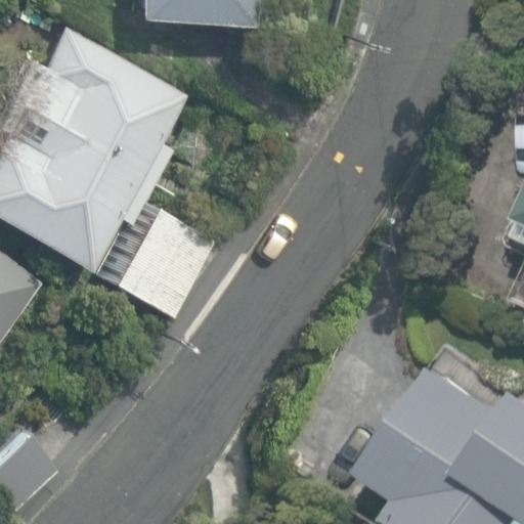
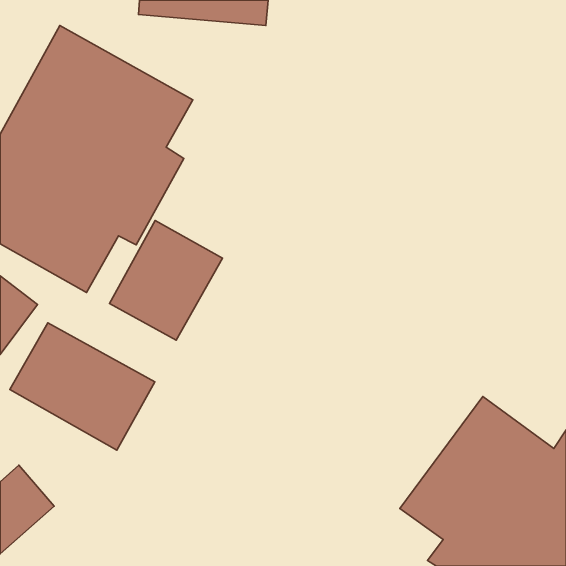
building: none -> [10,323,155,450]

